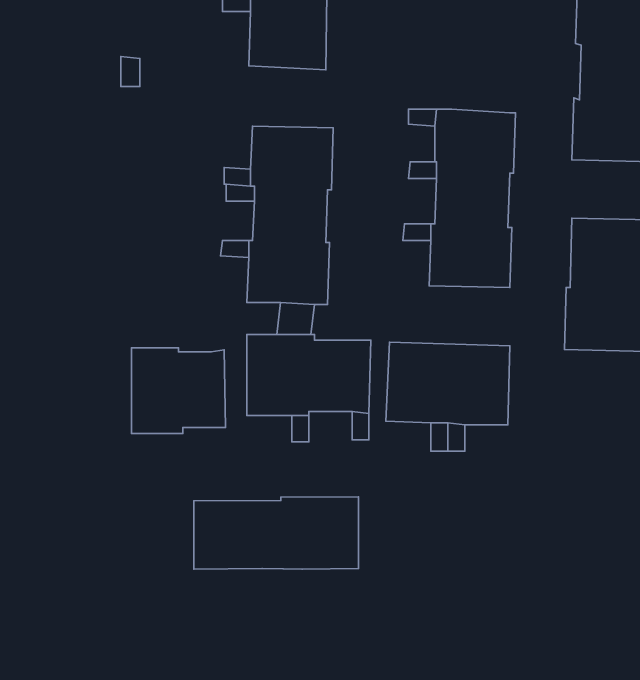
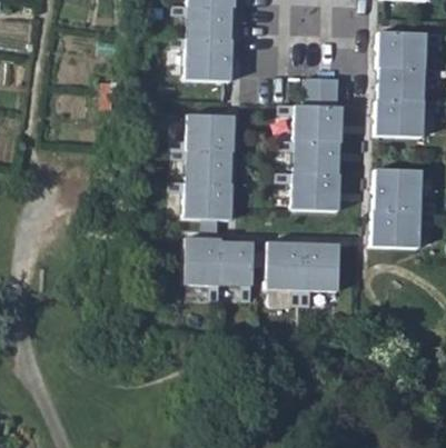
building: none -> [305,76,339,106]
building: [132,348,225,433] -> none
building: [194,497,359,569] -> none

